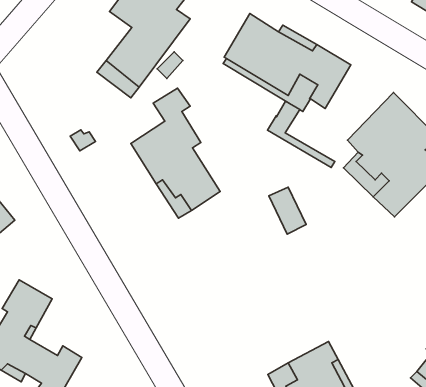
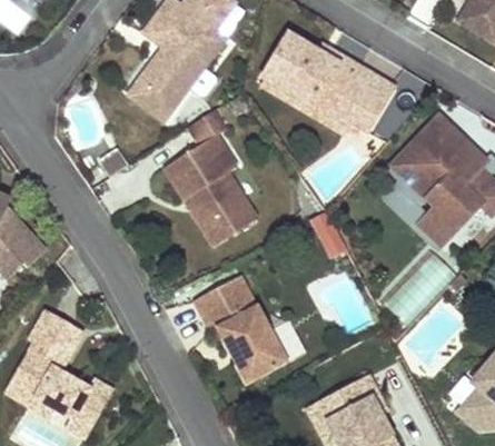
building: [268,101,335,168] -> none
building: none -> [192,274,287,384]

